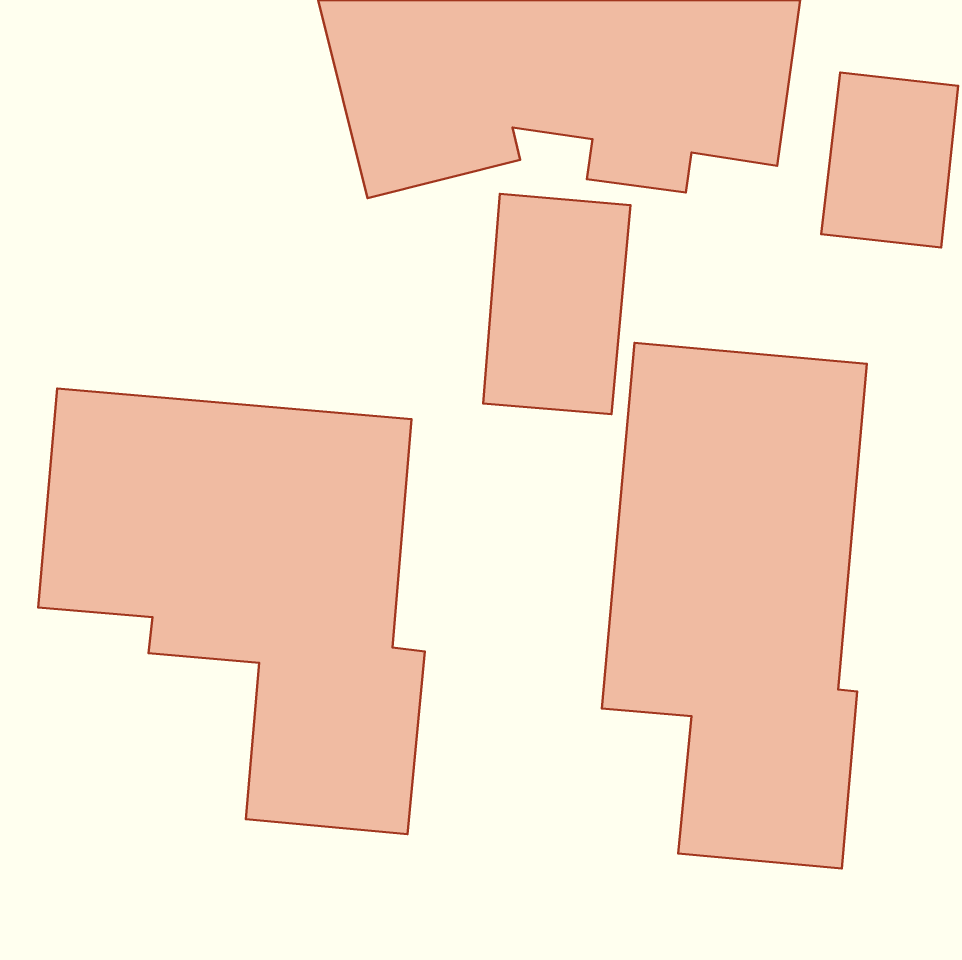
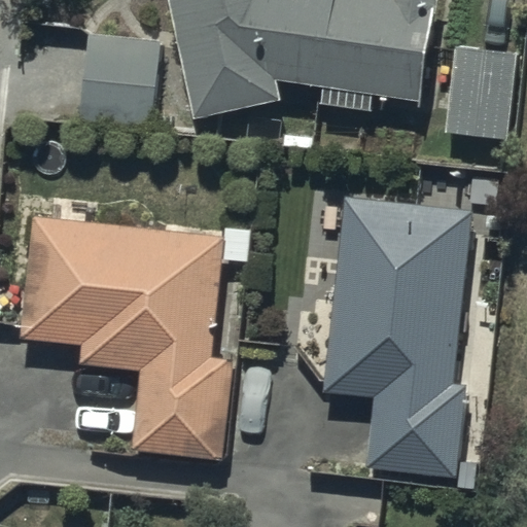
building: none -> [79,35,157,129]
building: [483,194,631,414] -> none

